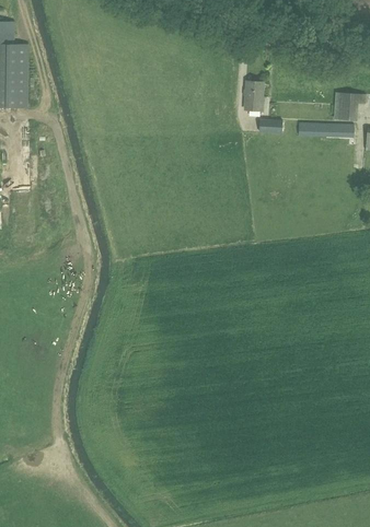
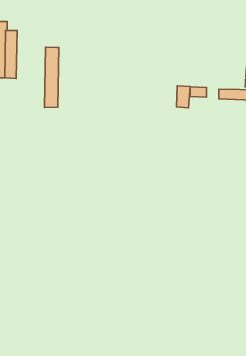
building: none -> [45,47,59,108]
building: [244,80,263,109] -> [176,86,190,108]

